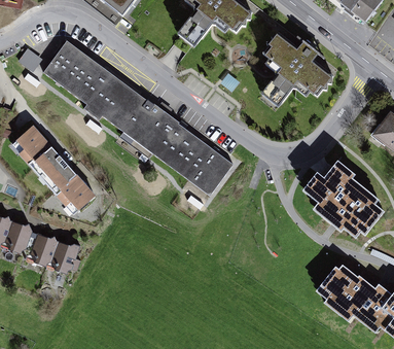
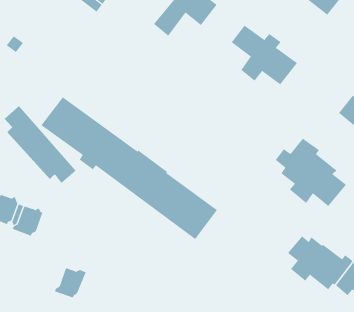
building: [42,39,232,194] -> [40,96,218,240]
building: [45,239,80,272] -> [54,267,87,298]

